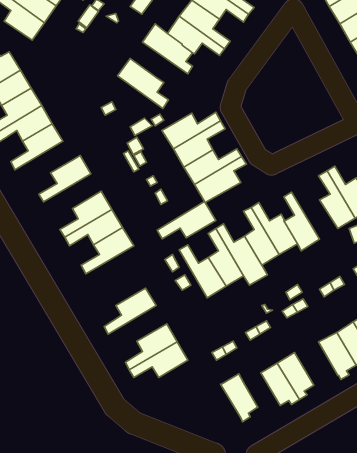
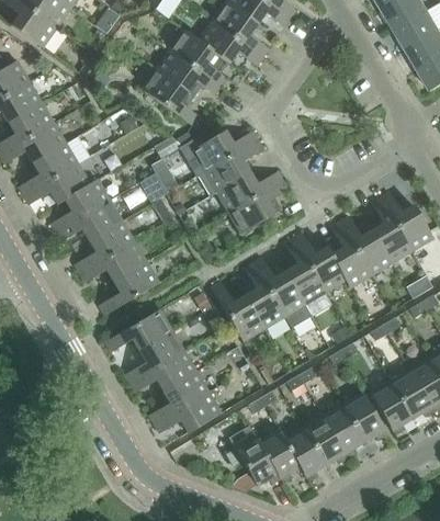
building: none -> [155,50,221,97]
building: none -> [23,163,90,205]
building: none -> [56,201,122,241]
building: none -> [339,216,392,275]
building: [157,201,216,239] -> [105,309,172,352]
building: none -> [129,351,196,393]
building: none -> [342,393,387,442]
building: none -> [226,426,281,486]
building: none -> [284,428,326,482]

